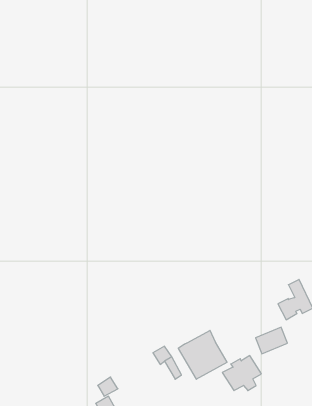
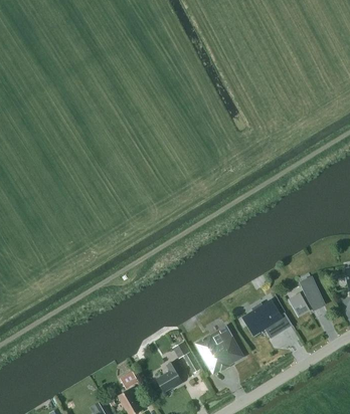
building: [222,356,261,391] -> [243,299,281,333]
building: none -> [156,358,184,391]

